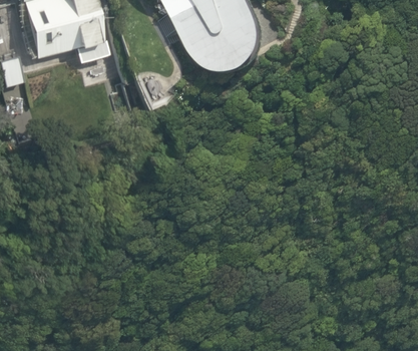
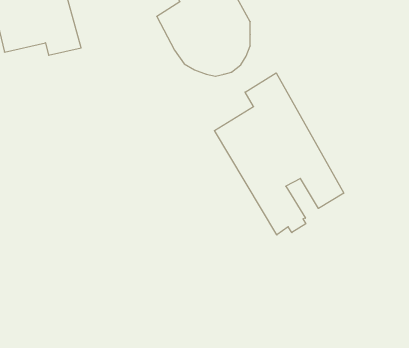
building: none -> [214,73,344,235]

